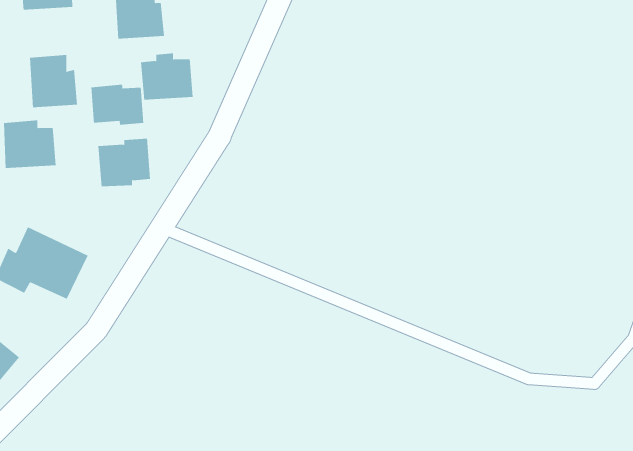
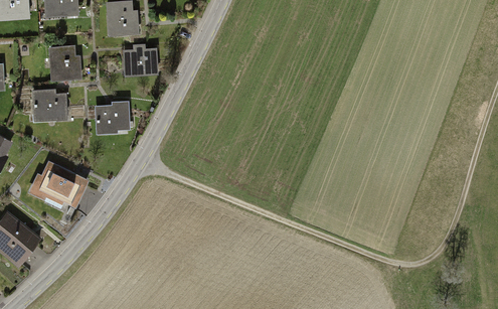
building: [91,84,144,125] -> none

